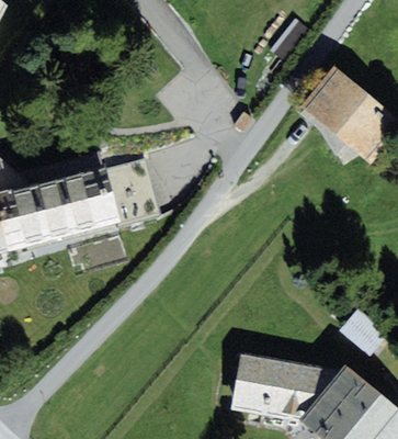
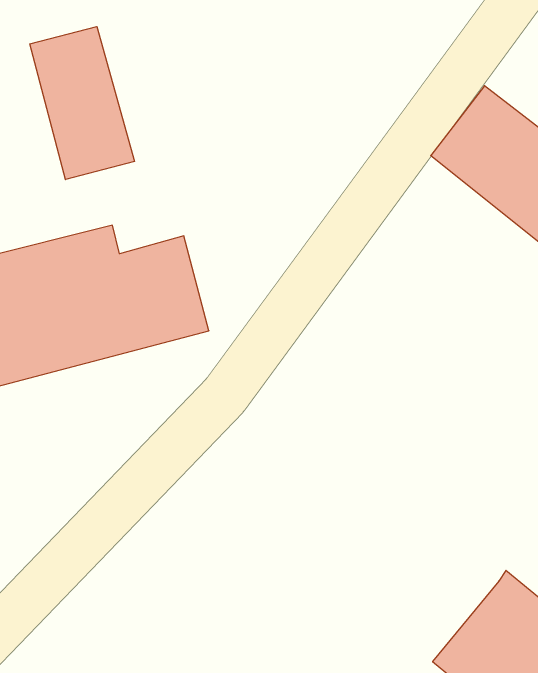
building: none -> [30,27,134,180]
building: [230,352,338,418] -> none

